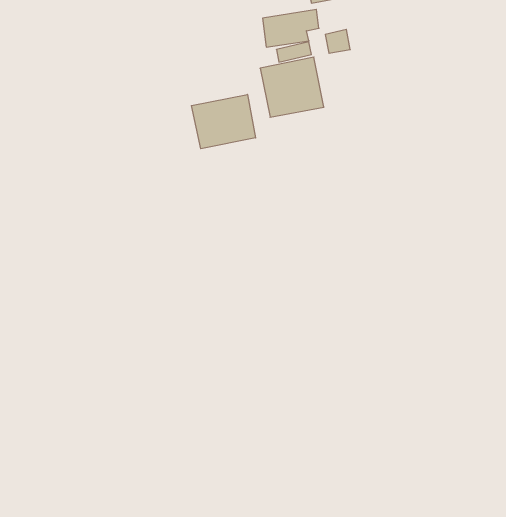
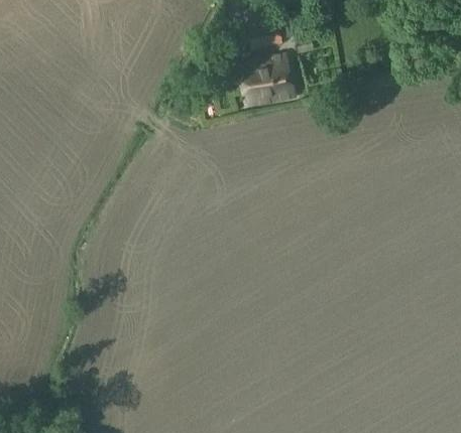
building: [191,94,256,149] -> none

